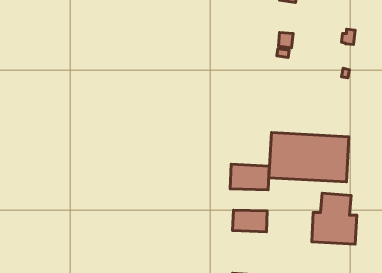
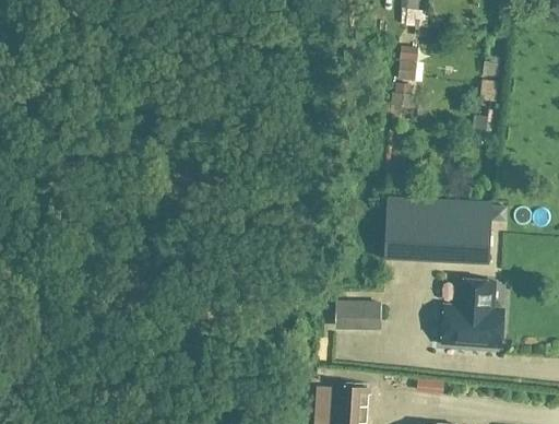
building: [230,164,269,190] -> none

